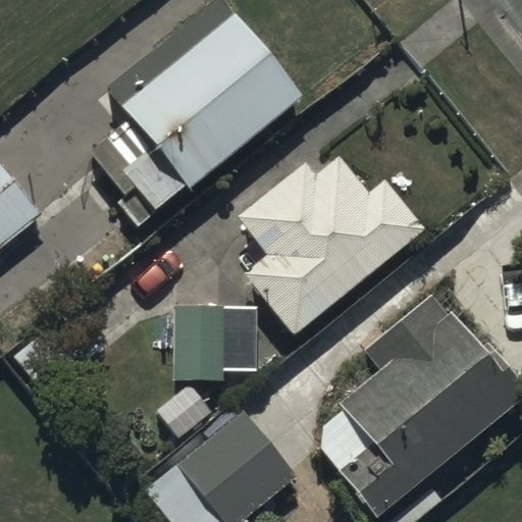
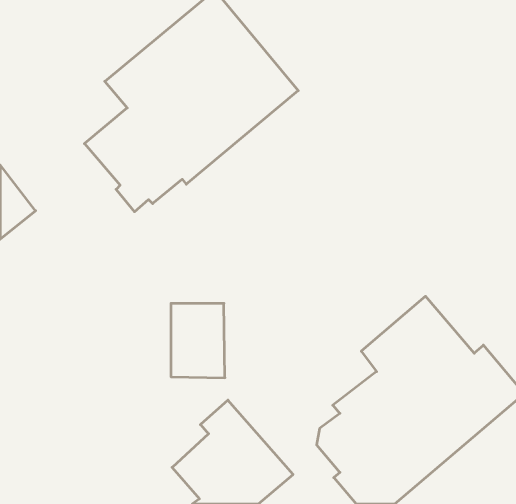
building: [239,157,424,338] -> none

